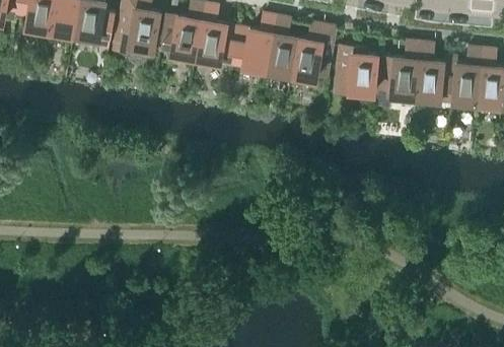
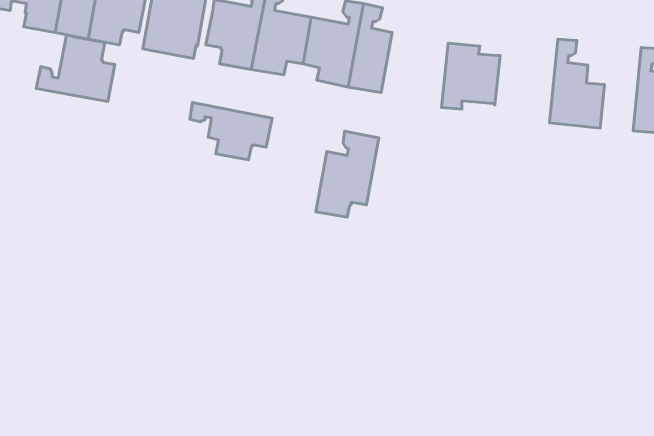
building: [289,21,336,85] -> [316,131,379,217]
building: none -> [36,35,115,101]
building: [376,40,420,105] -> none
building: [441,46,482,110] -> none
building: none -> [190,102,272,160]

